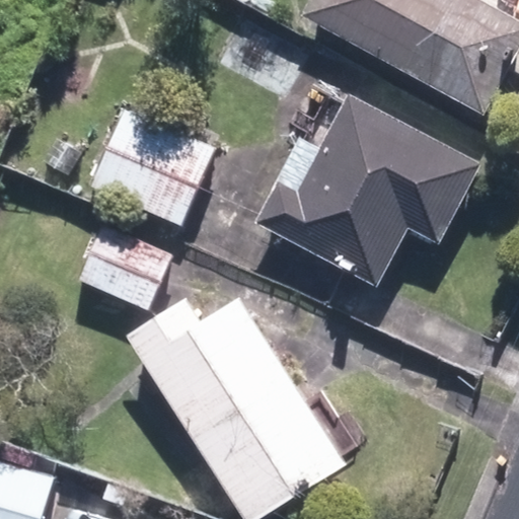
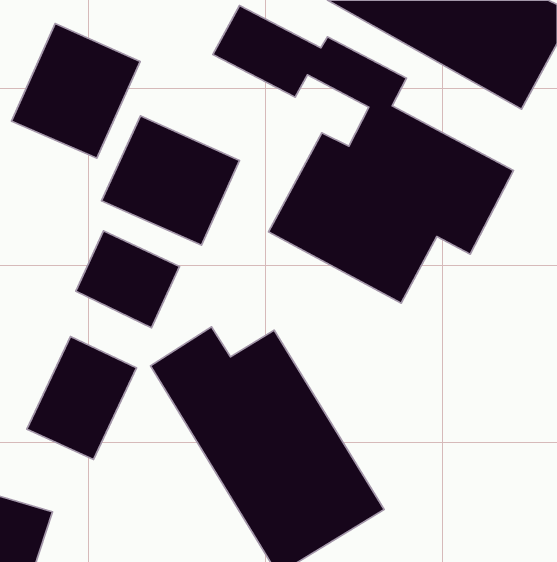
building: none -> [11,24,140,158]
building: none -> [27,337,136,460]

